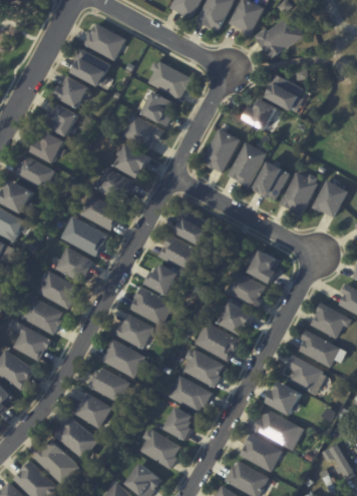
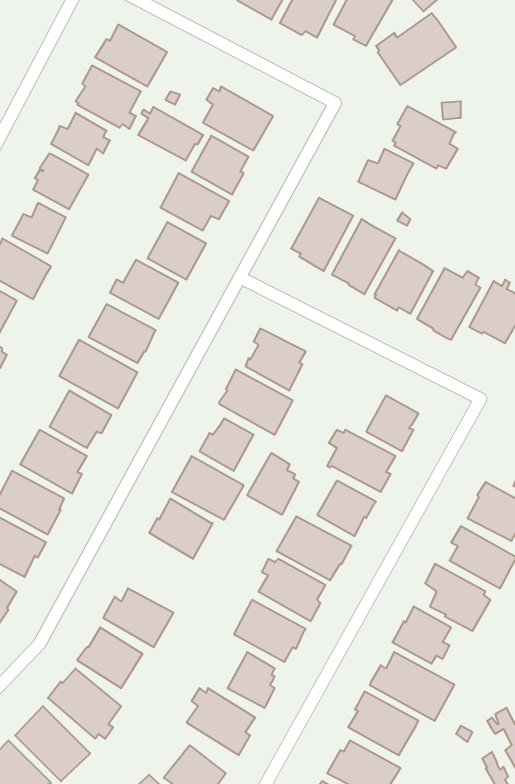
building: none -> [138,107,203,161]
building: none -> [247,453,299,515]
building: [101,339,147,379] -> none

